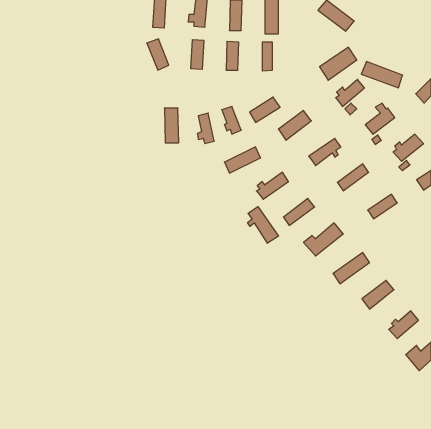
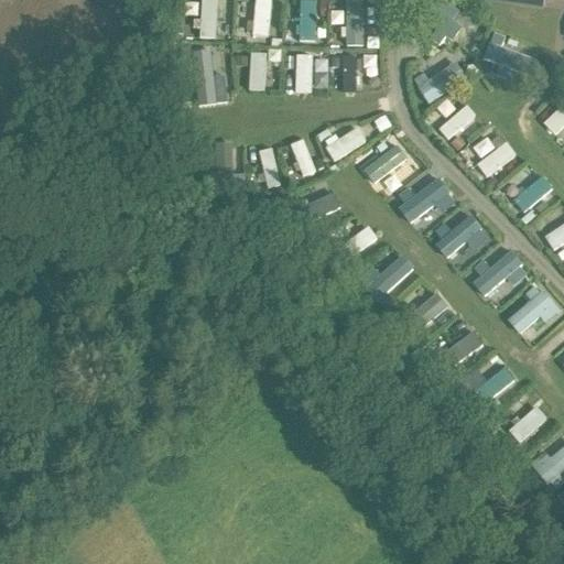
building: [361,62,403,88] -> [482,42,536,76]
building: [248,207,278,243] -> none
building: none -> [507,290,554,334]

